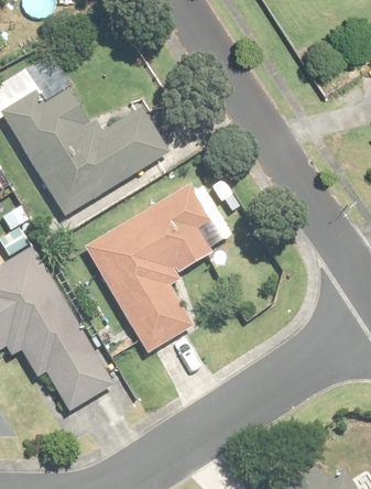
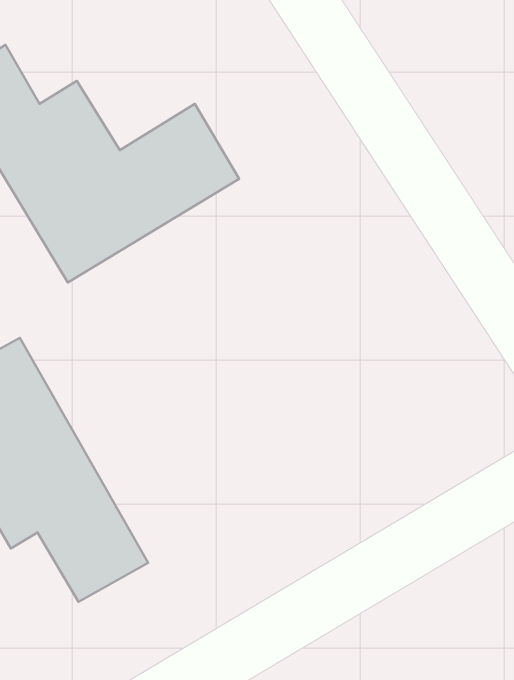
building: [87,186,211,352] -> none

